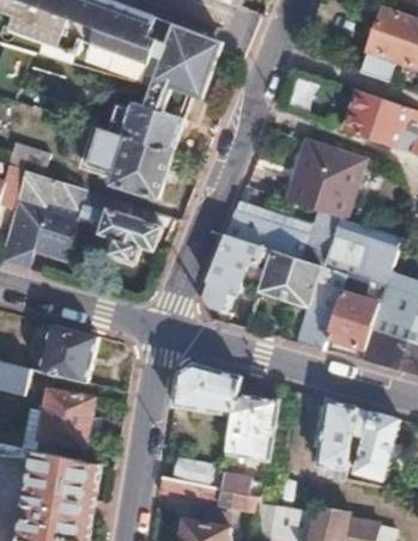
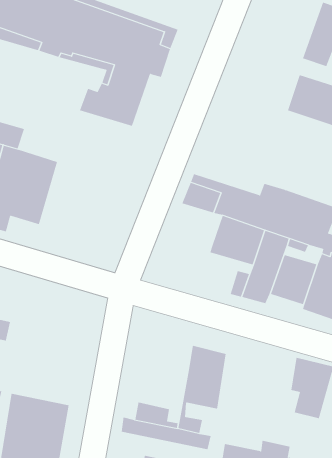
building: [79,124,171,197] -> none
building: [290,141,363,220] -> none
building: [99,196,163,266] -> none
building: [201,236,272,308] -> none
building: [41,324,98,382] -> none
building: [172,364,241,423] -> none
building: [40,387,96,446] -> none
building: [317,400,355,468] -> none

